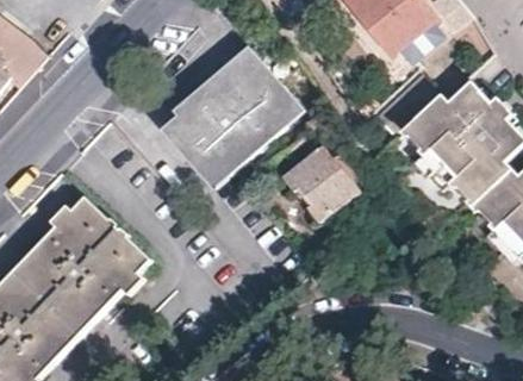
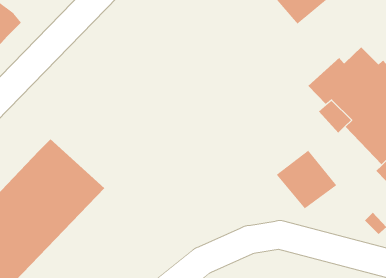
building: [162,49,297,182] -> none
building: [282,148,359,221] -> [276,150,337,209]

